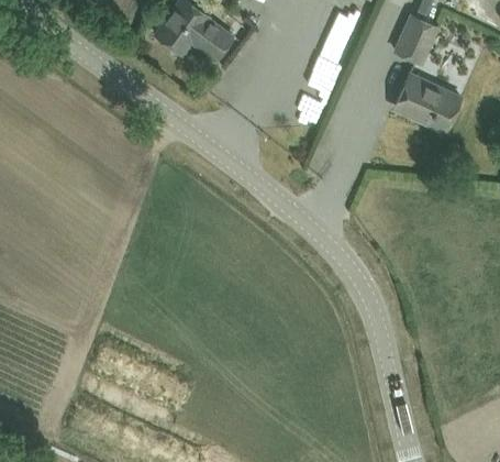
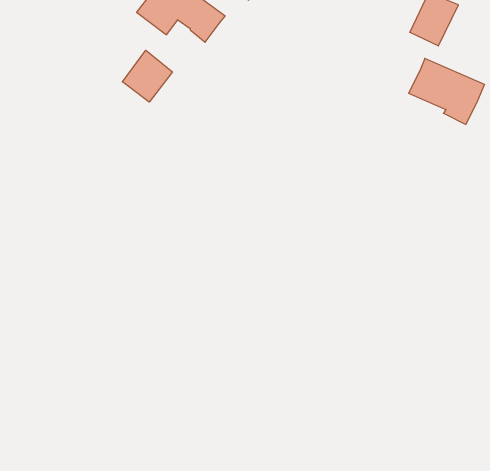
building: none -> [122,50,172,102]

